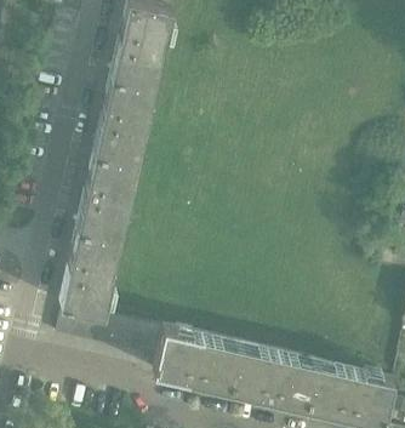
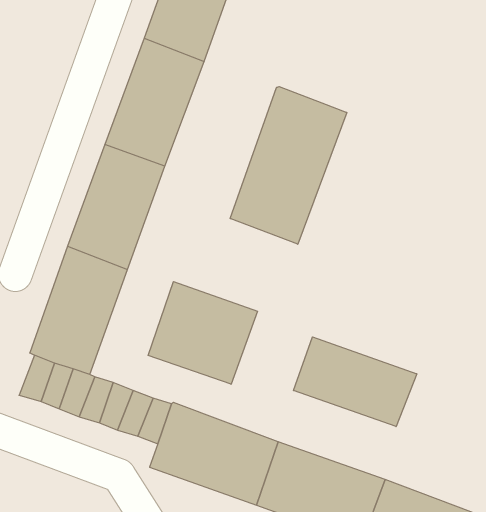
building: none -> [230,87,347,244]
building: none -> [148,282,257,384]
building: none -> [294,337,417,427]

